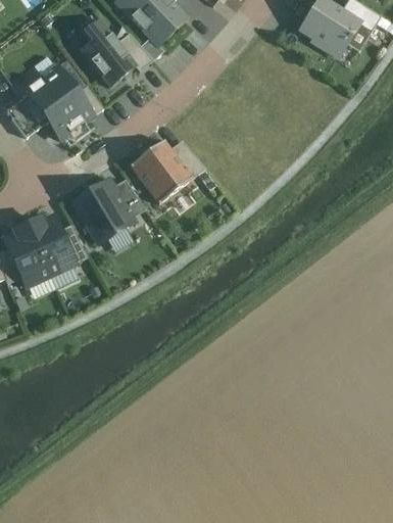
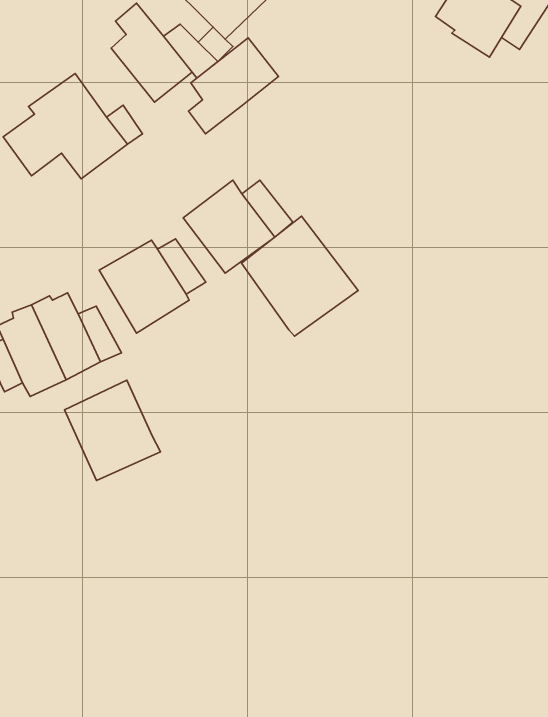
building: none -> [189,38,279,134]
building: none -> [242,216,358,336]
building: none -> [64,380,160,481]

